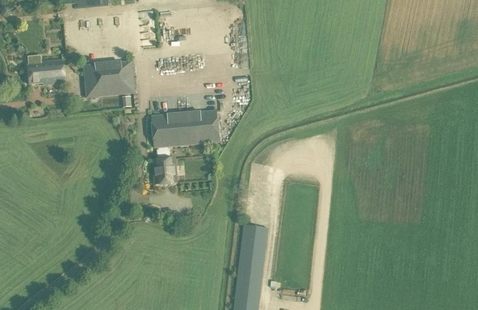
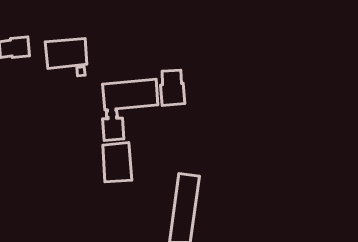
building: none -> [161,70,185,105]
building: none -> [103,143,132,182]

